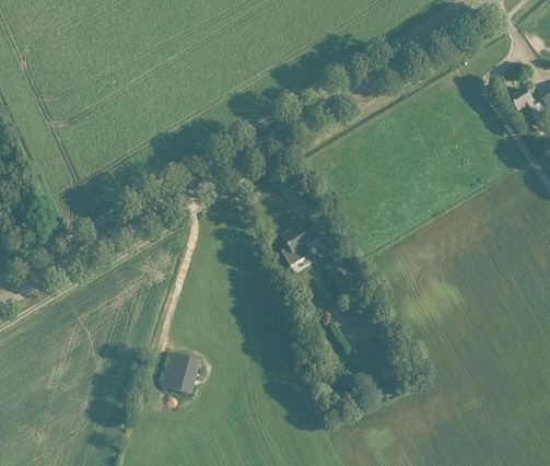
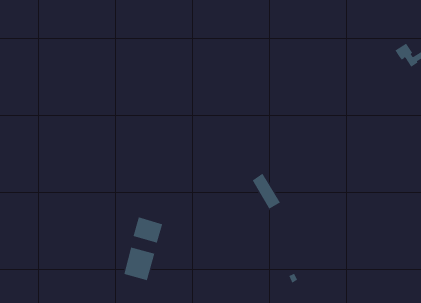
building: [281,220,319,265] -> none
building: none -> [133,216,163,243]

